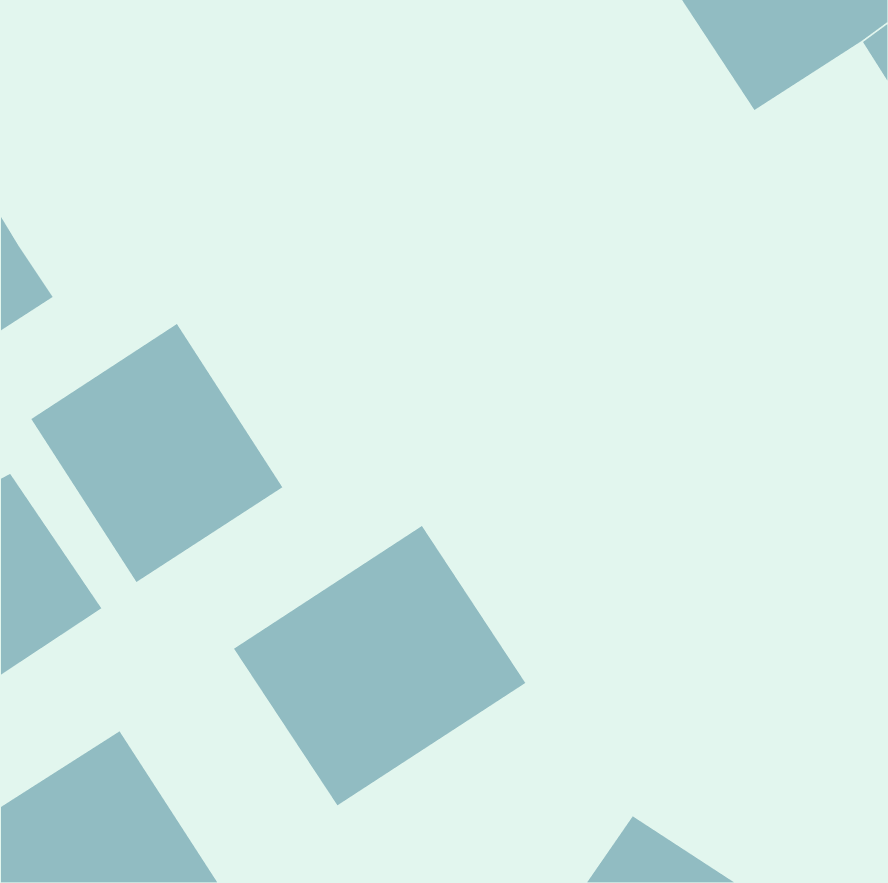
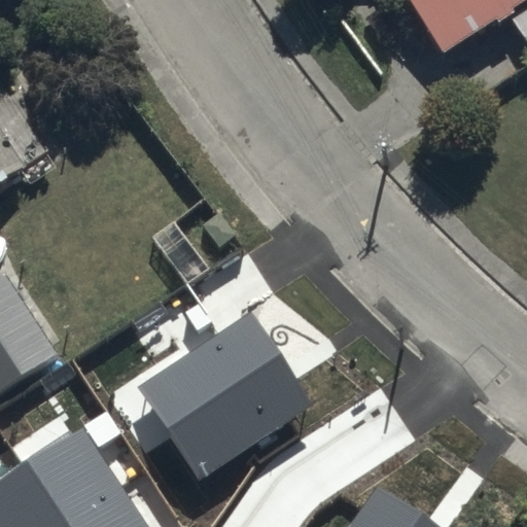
building: [30,323,283,583] -> none

